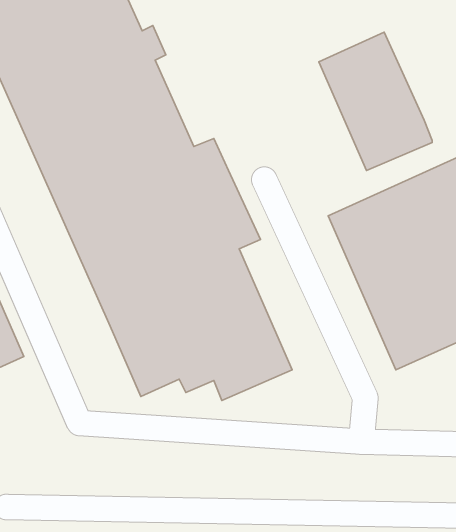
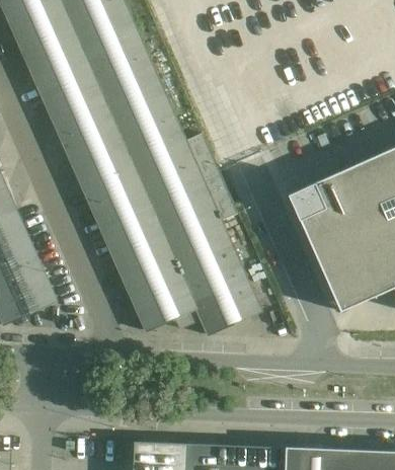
building: [319,32,432,170] -> none

